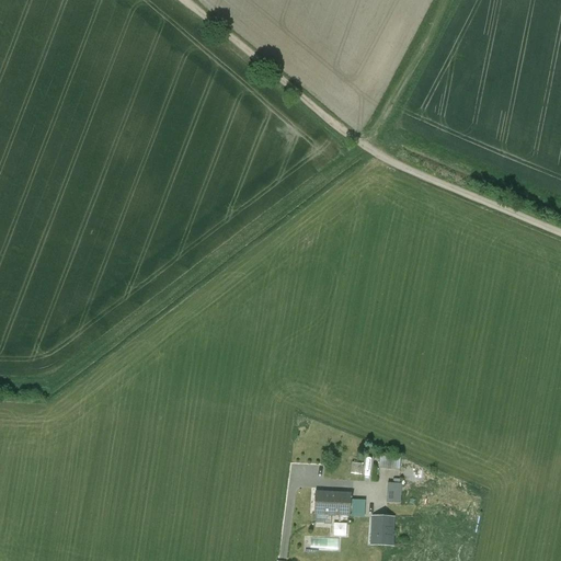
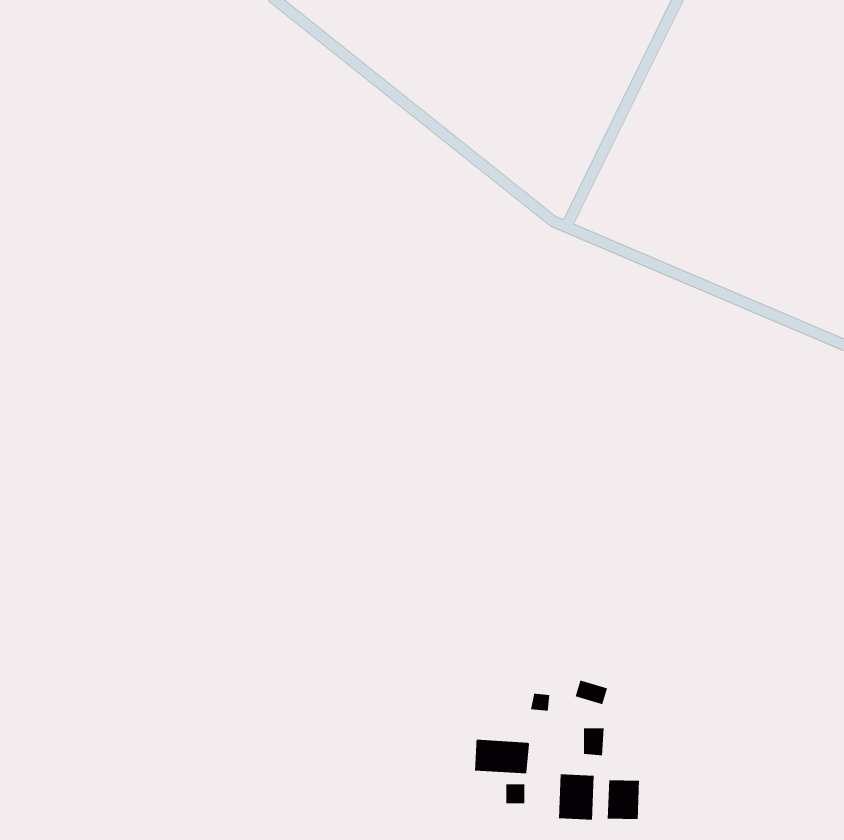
building: none -> [607,779,640,820]

